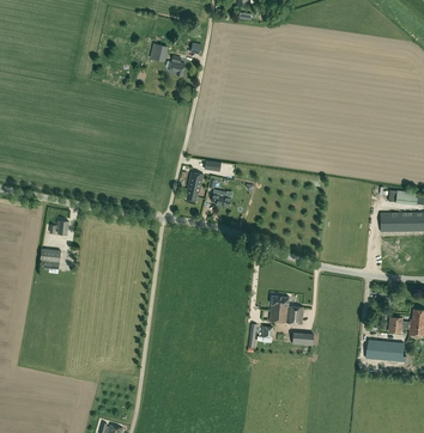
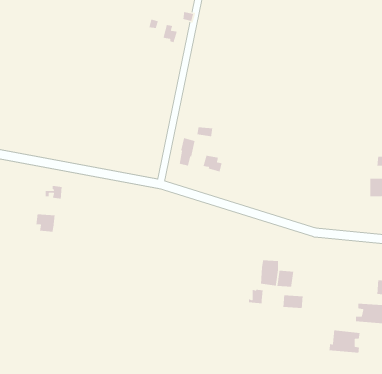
building: none -> [328,329,360,354]

